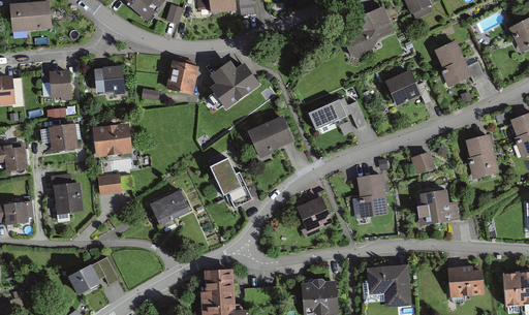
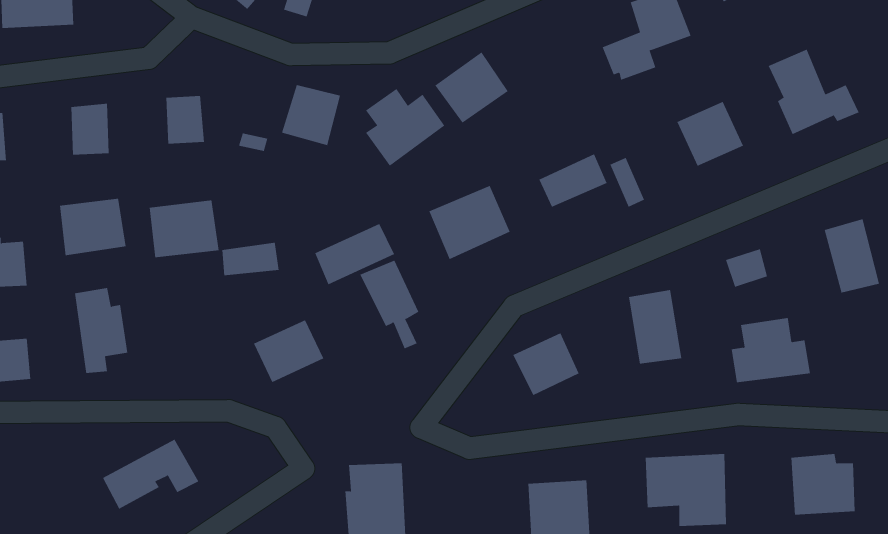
building: none -> [435,51,508,124]
building: none -> [314,223,395,285]
building: [99,174,131,192] -> [222,242,279,276]

